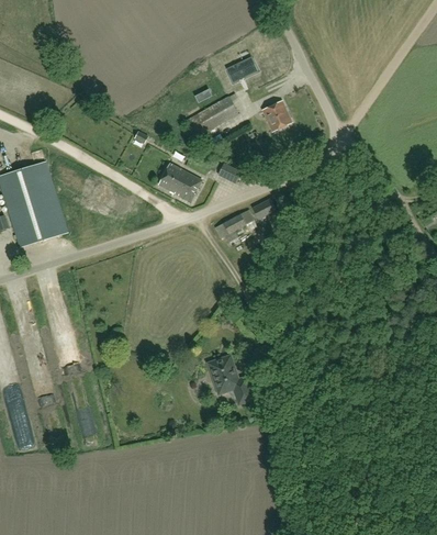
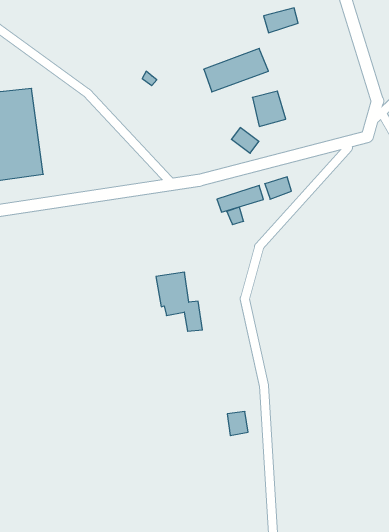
building: [261,101,292,133] -> [252,91,286,126]
building: [158,164,201,201] -> none
building: [208,355,254,403] -> [156,272,202,331]

